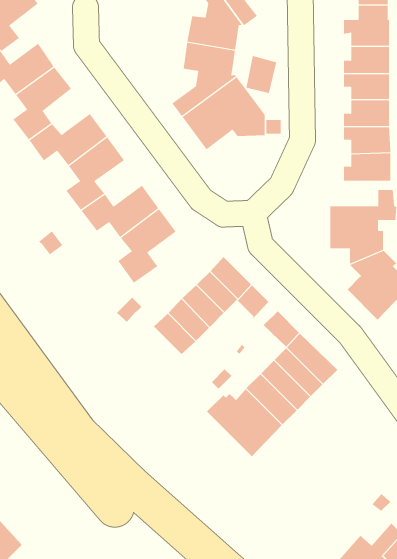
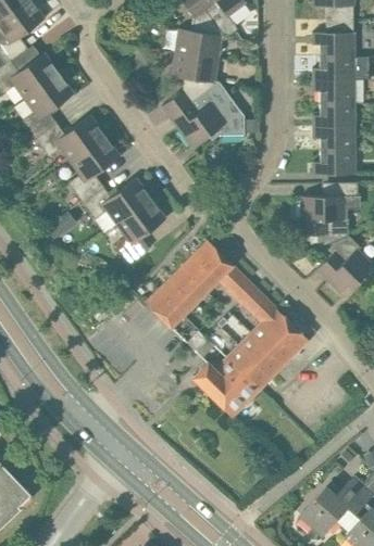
building: [246,55,277,94] -> none

